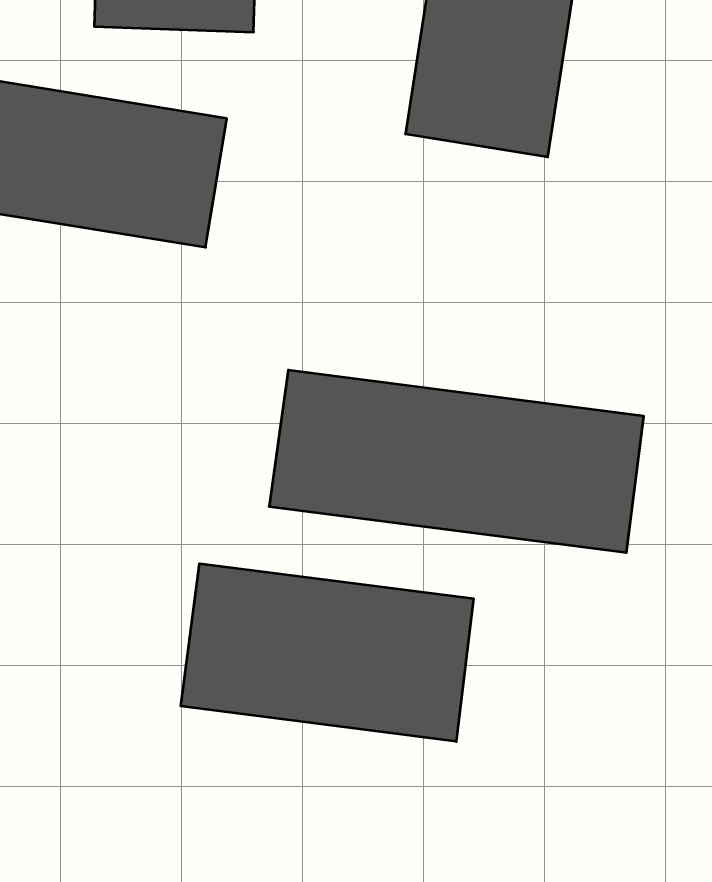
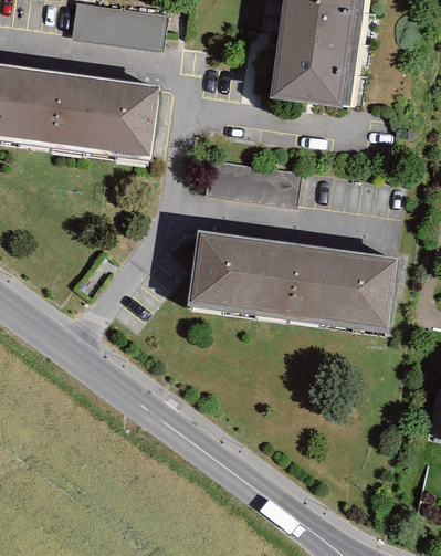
building: [181,564,473,742] -> none

